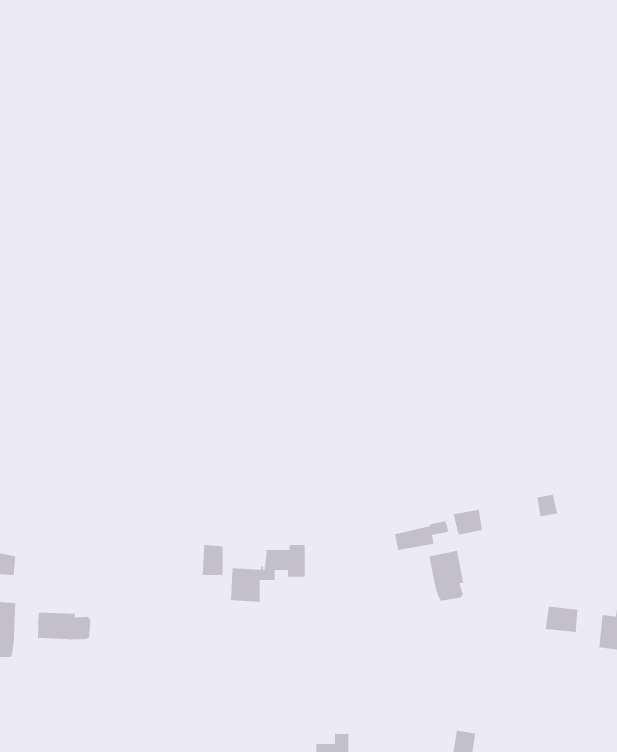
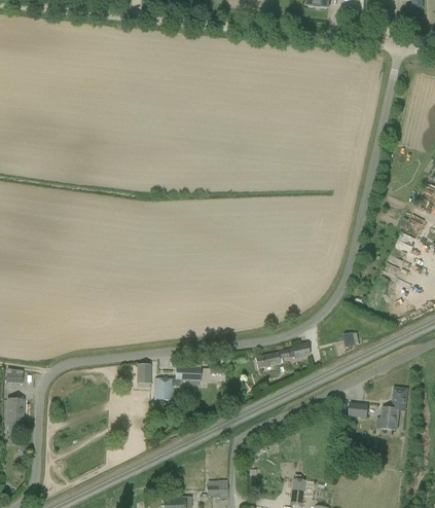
building: [429,550,464,601] -> none
building: [37,612,91,640] -> none

